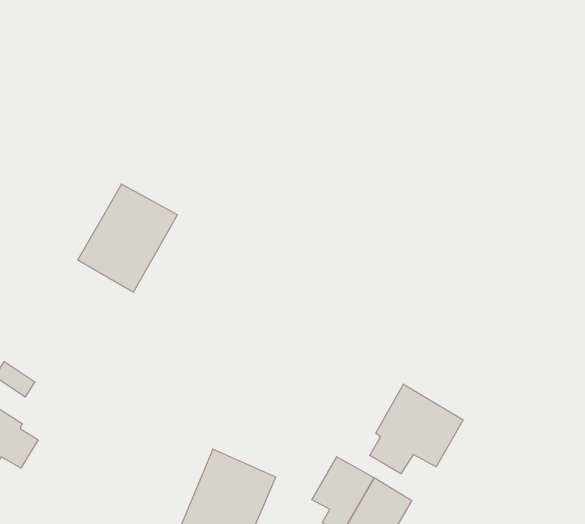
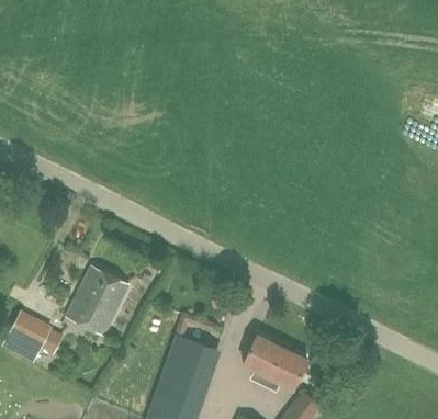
building: [78,184,177,292] -> [66,267,128,336]
building: [370,384,463,474] -> none

